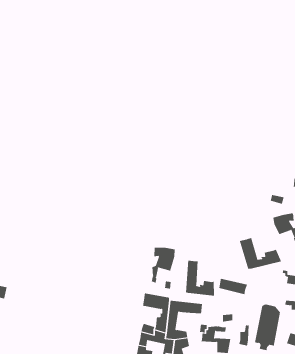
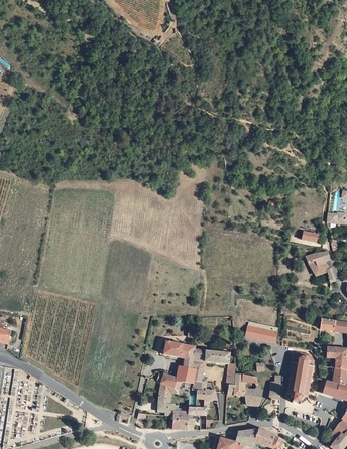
building: [239,237,282,270] -> none
building: [151,247,175,283] -> none
building: [186,260,214,297] -> none

